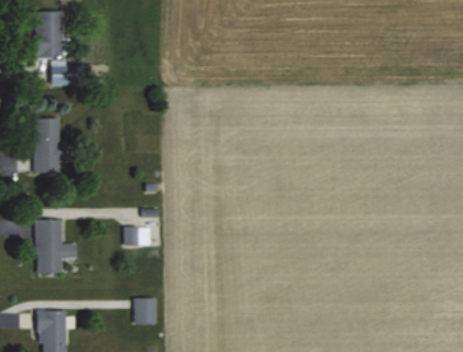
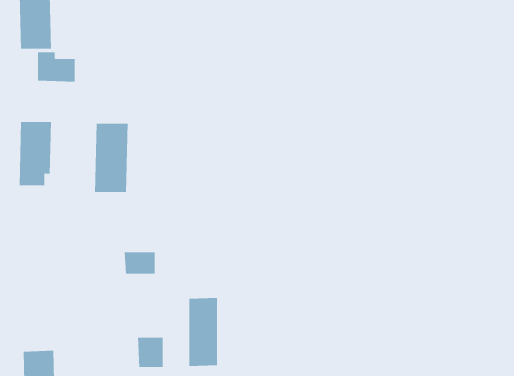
building: none -> [95,123,128,193]
building: [35,219,77,273] -> none
building: none -> [189,297,218,367]

